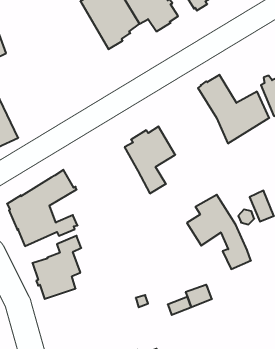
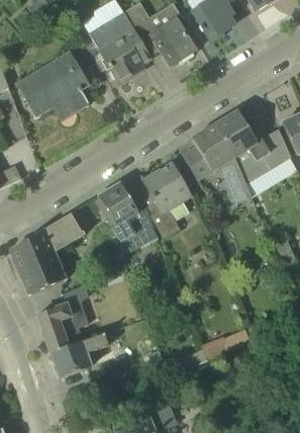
building: none -> [15,50,91,121]
building: none -> [98,182,159,255]
building: [187,195,251,269] -> [183,124,252,204]
building: none -> [49,333,109,376]

